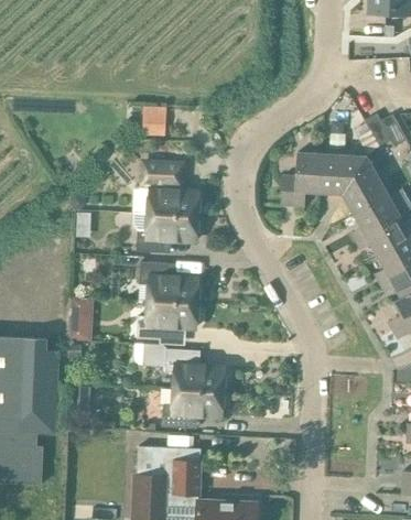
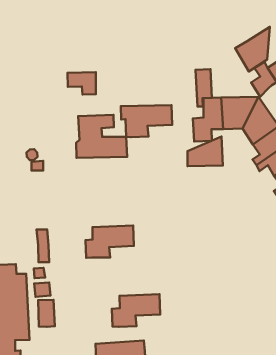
building: none -> [235,27,270,71]
building: none -> [196,69,212,107]
building: none -> [187,137,223,166]
building: [132,213,196,253] -> [121,105,172,137]
building: [138,262,197,303] -> none
building: [134,345,223,391] -> none

